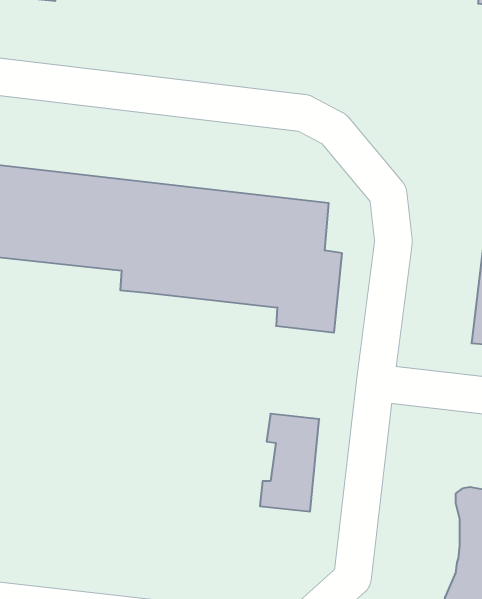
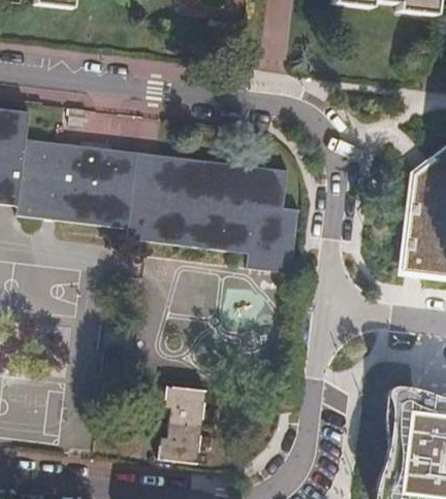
building: [260,414,319,512] -> [159,384,205,460]

